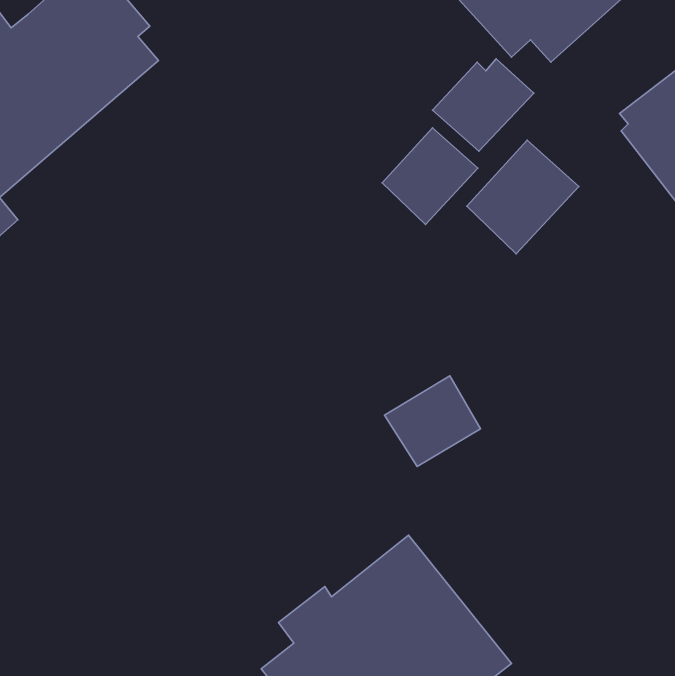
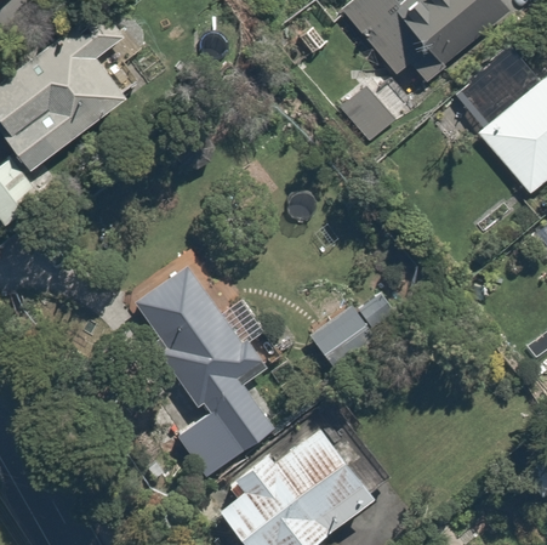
building: [382,128,478,225] -> none
building: [467,140,579,254] -> none
building: none -> [118,260,287,479]

